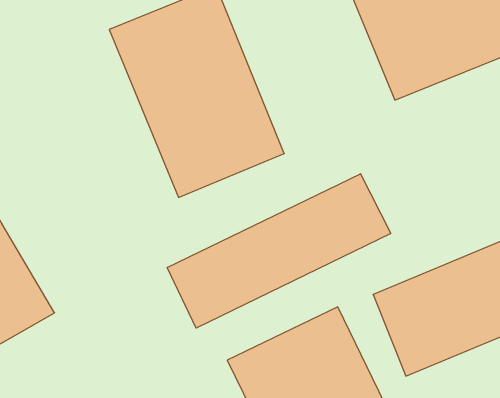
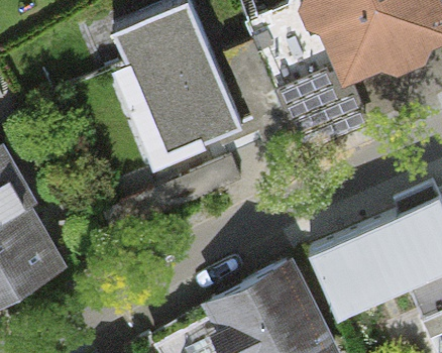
building: [167,174,391,328] -> none

